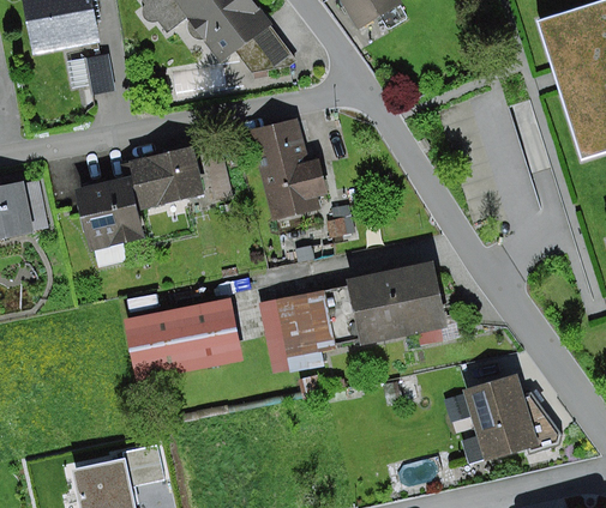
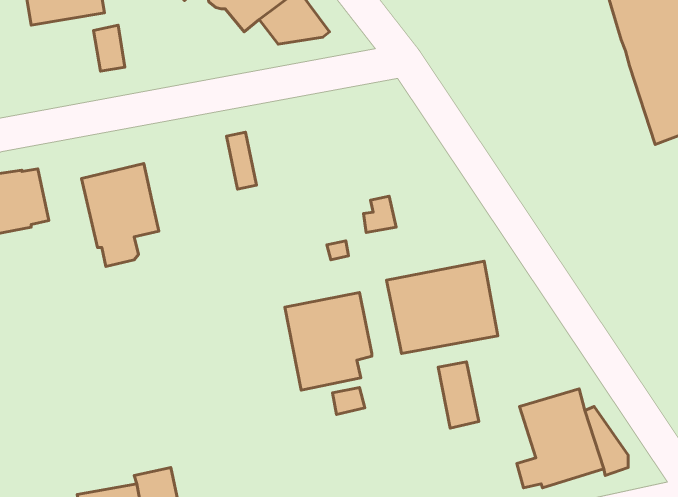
building: [248,116,328,220] -> none
building: [128,146,204,208] -> none
building: [323,285,359,344] -> [438,362,479,428]
building: [125,297,240,377] -> none

